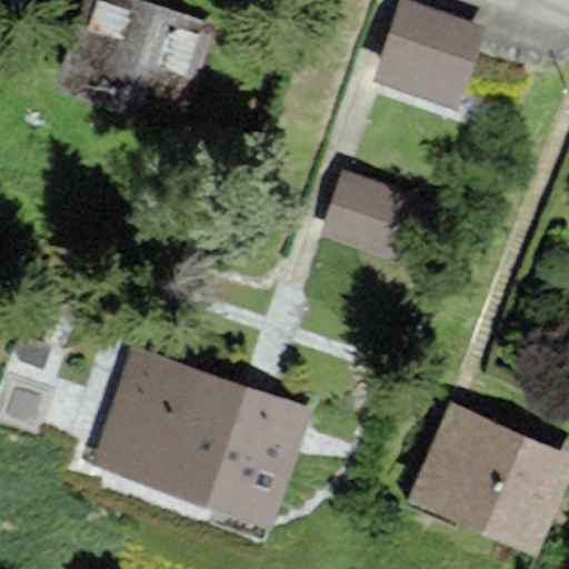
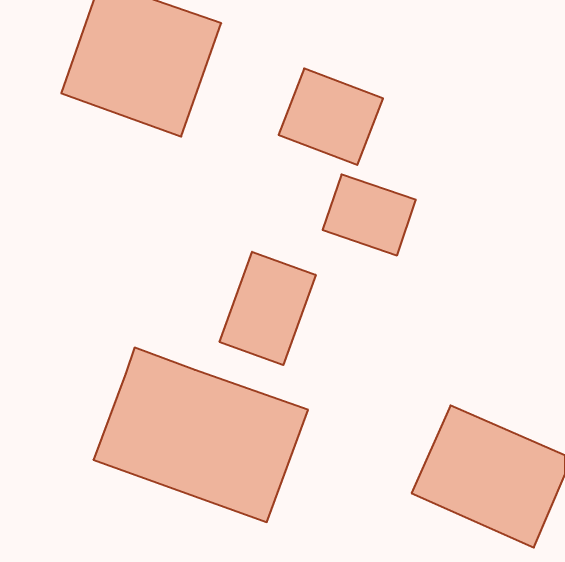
building: [376,7,480,103] -> [279,68,383,165]
building: none -> [220,252,316,365]

